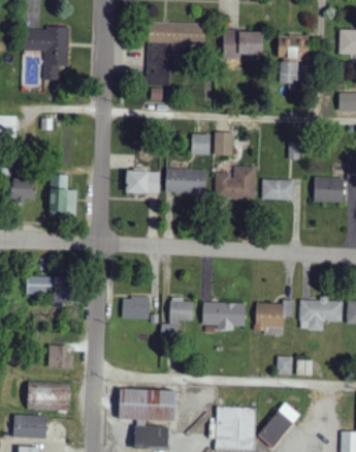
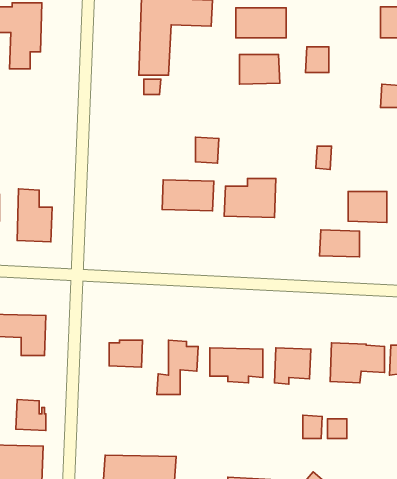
building: [278,36,310,60] -> [240,55,280,84]
building: [214,132,233,156] -> none
building: [126,171,159,193] -> none
building: [261,179,293,201] -> [319,230,359,257]

